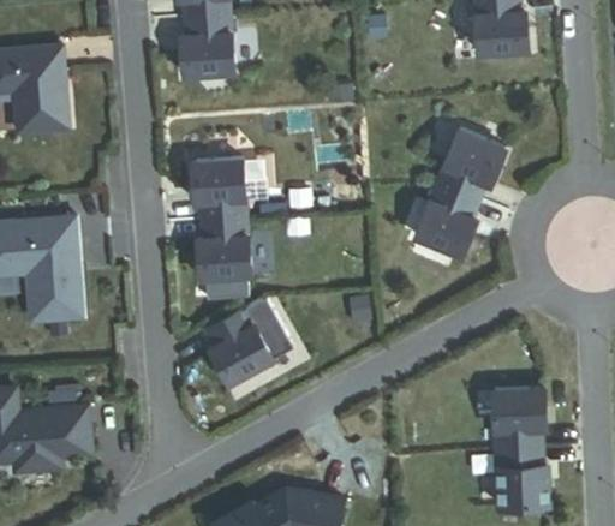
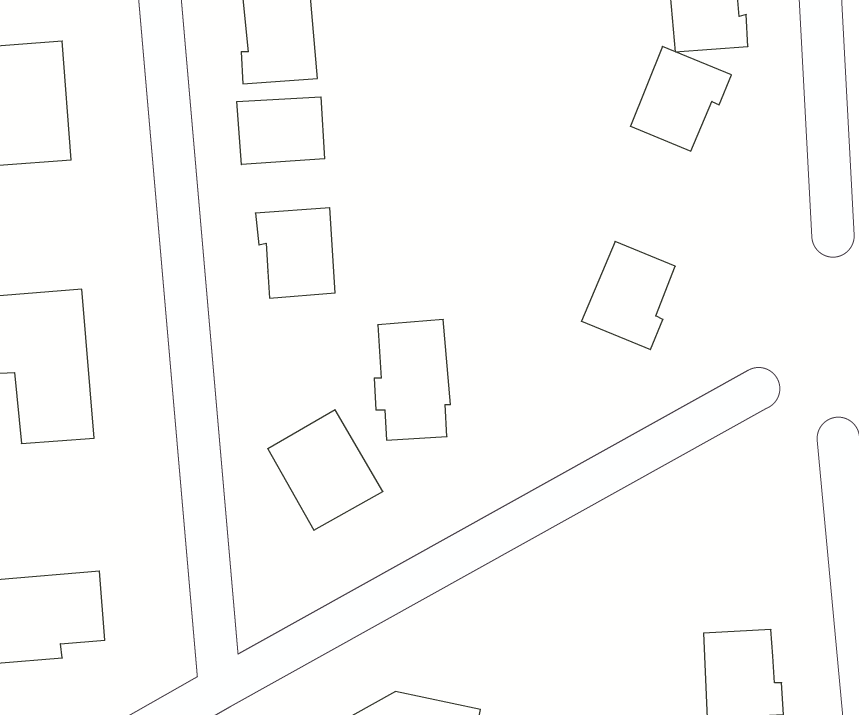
building: none -> [237,97,325,165]
building: [437,130,506,201] -> [630,46,731,151]
building: [201,219,252,300] -> [374,320,450,440]
building: [494,389,545,449] -> none

